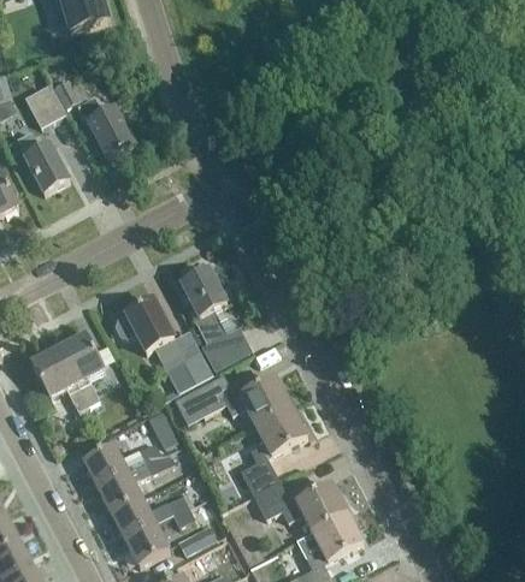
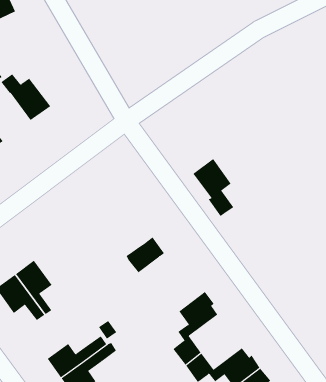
building: [178,267,225,342] -> [193,158,234,217]
building: [114,297,212,399] -> none
building: [173,373,293,423] -> none

